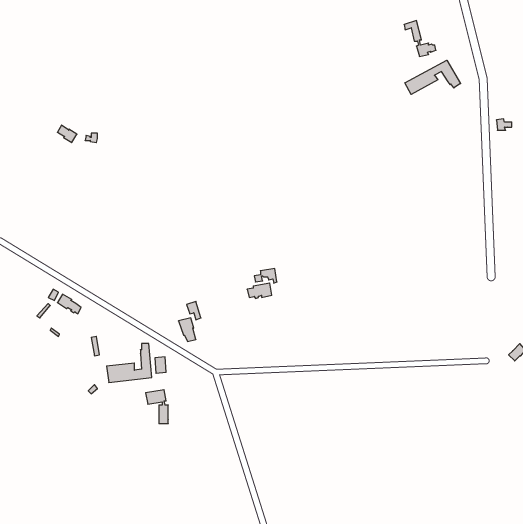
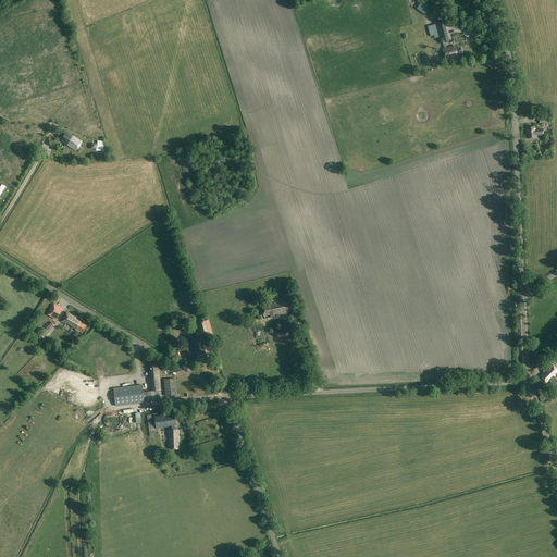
building: [405,60,461,94] -> none

